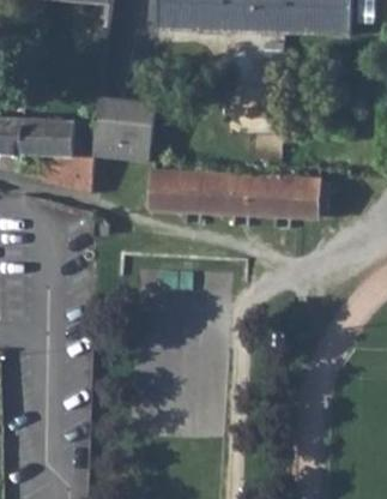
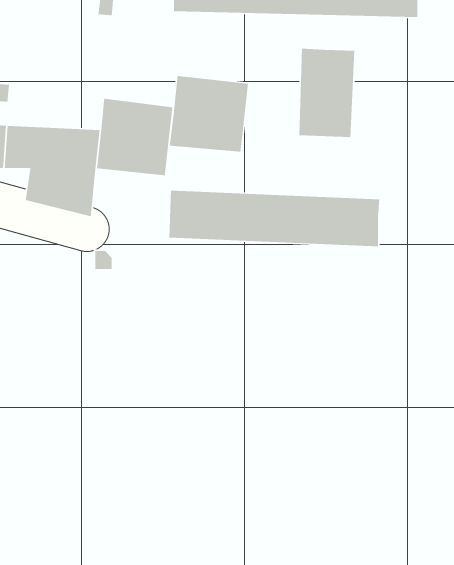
building: none -> [299,48,355,138]
building: none -> [169,75,249,152]

